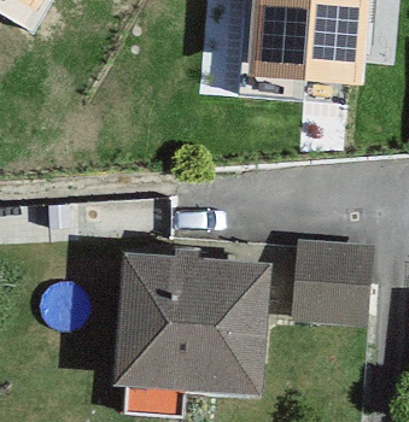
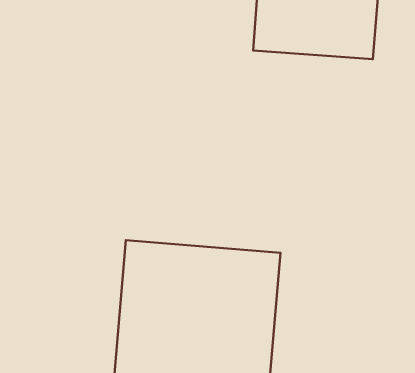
building: [291,242,372,329] -> none

